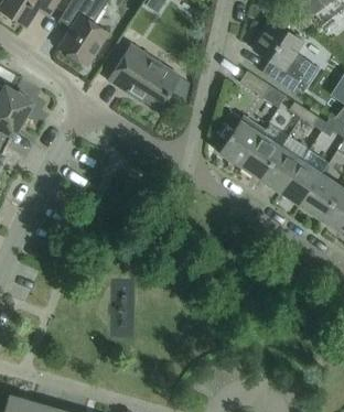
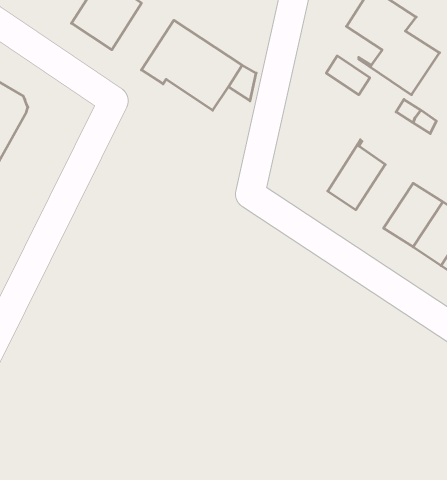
building: [218,116,264,166] -> none
building: [260,148,301,193] -> none

